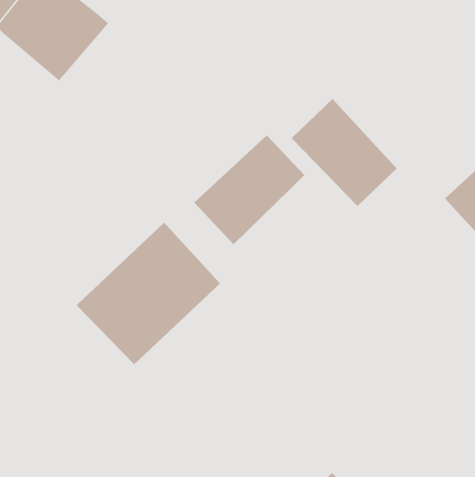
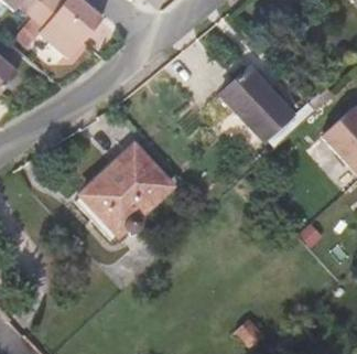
building: [193,134,305,245] -> none

